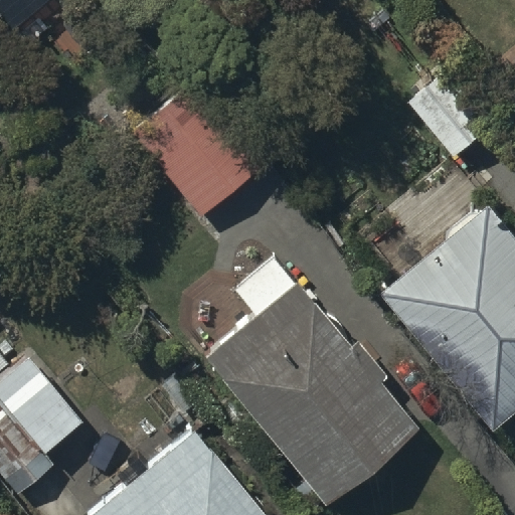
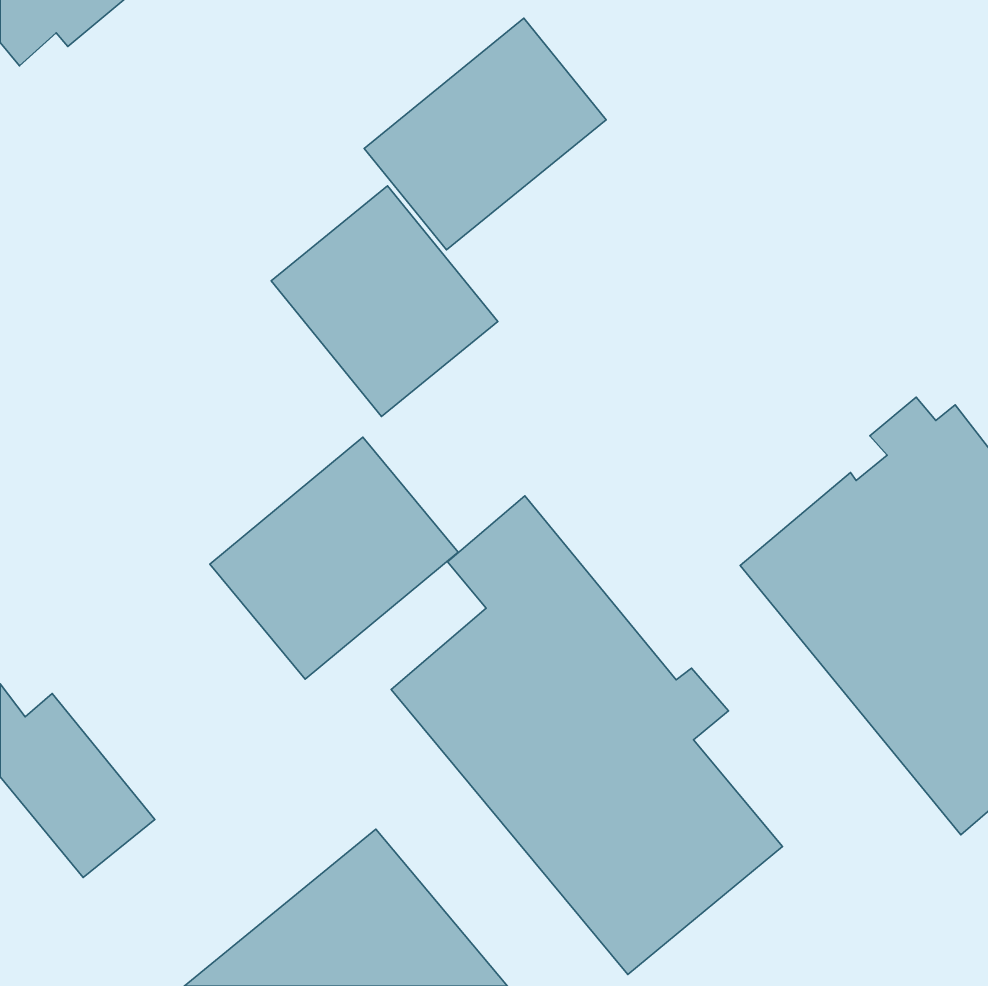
building: none -> [364,18,606,250]
building: none -> [210,437,458,679]

